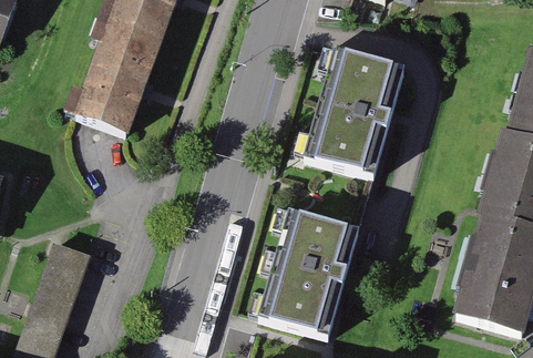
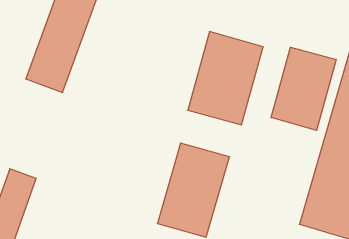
building: none -> [271,47,336,130]

